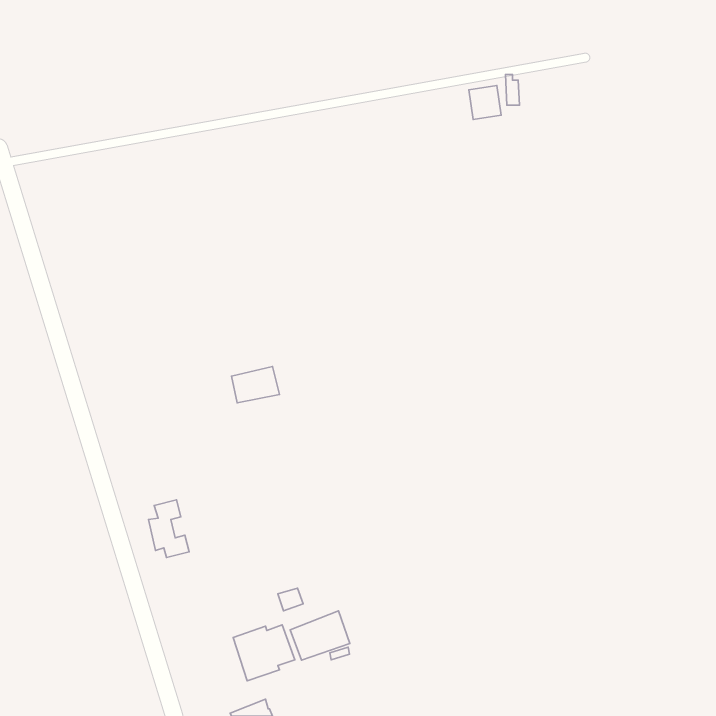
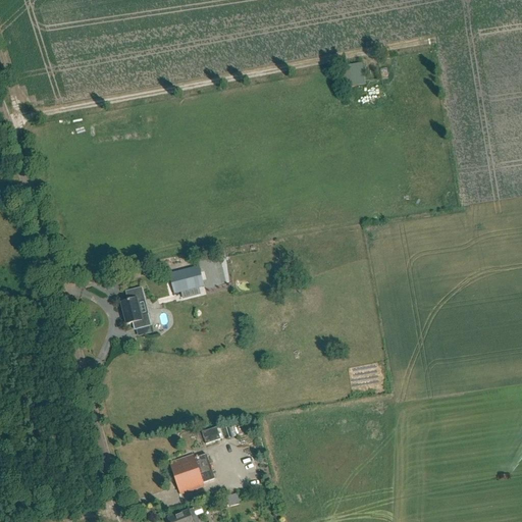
building: [148,500,189,557] -> [120,288,150,329]
building: [290,611,350,660] -> none

